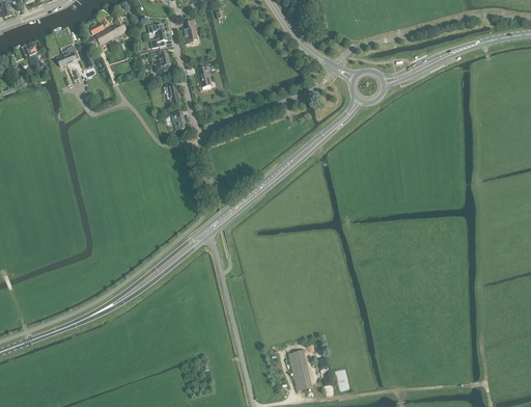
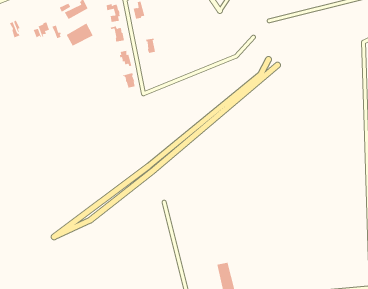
building: none -> [66,23,94,46]

